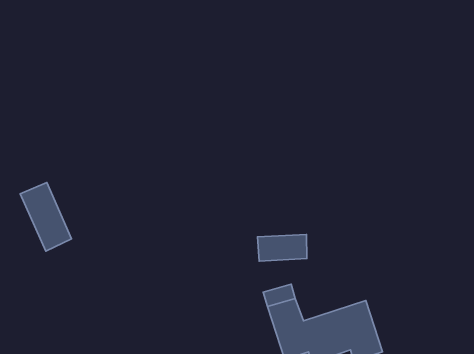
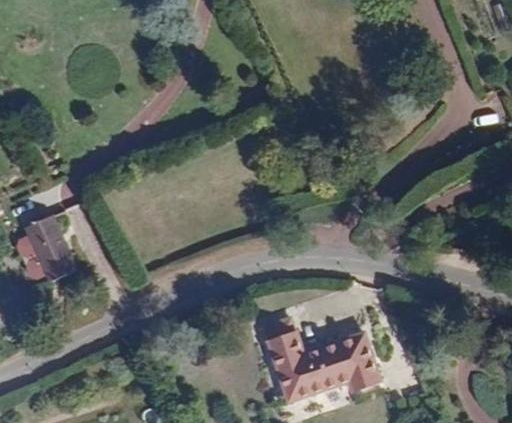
building: [257,234,307,261] -> none

